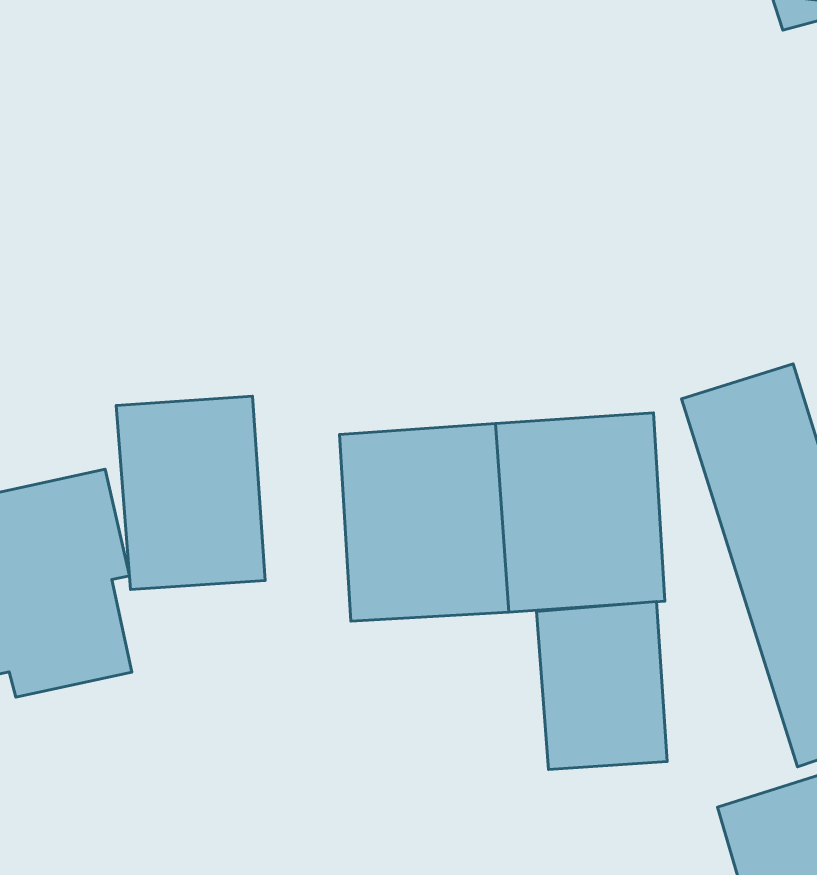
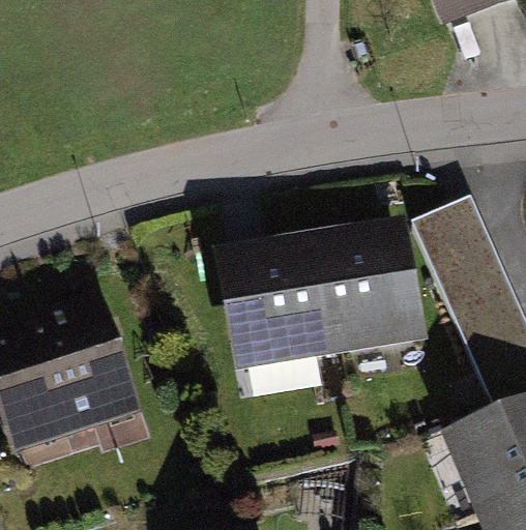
building: [116,396,265,590] -> none
building: [536,602,667,769] -> none

